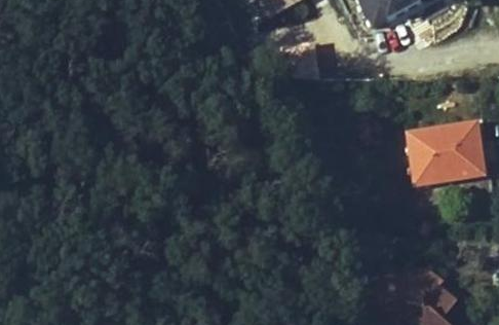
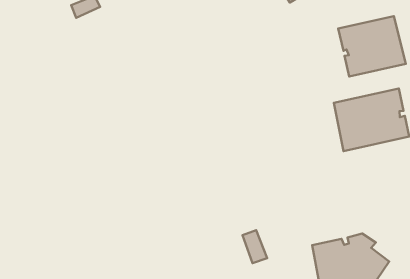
building: none -> [338,16,406,77]

